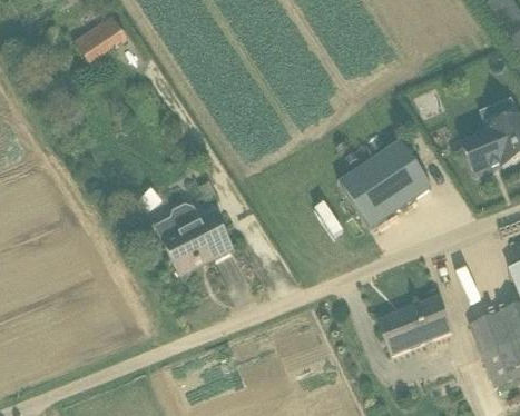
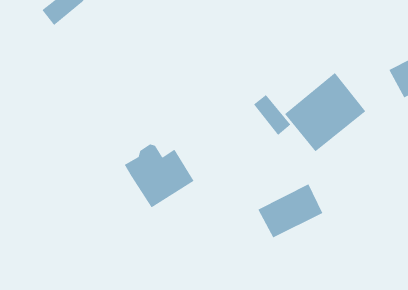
building: none -> [253,94,291,136]
building: [377,294,451,351] -> [258,184,323,238]

